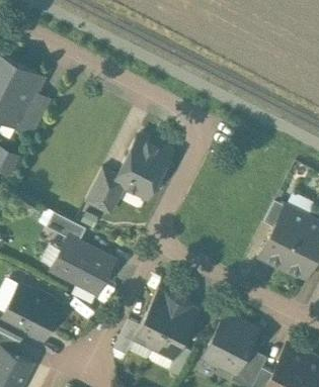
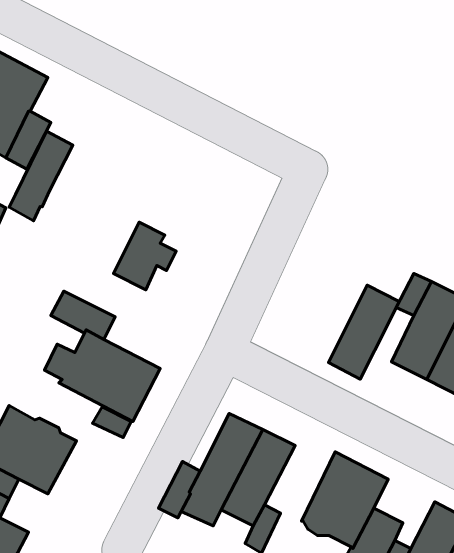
building: none -> [9,131,73,221]
building: [114,135,171,199] -> none
building: none -> [329,285,399,379]

